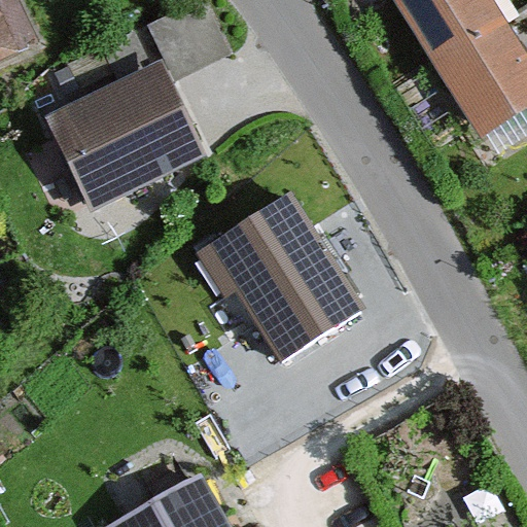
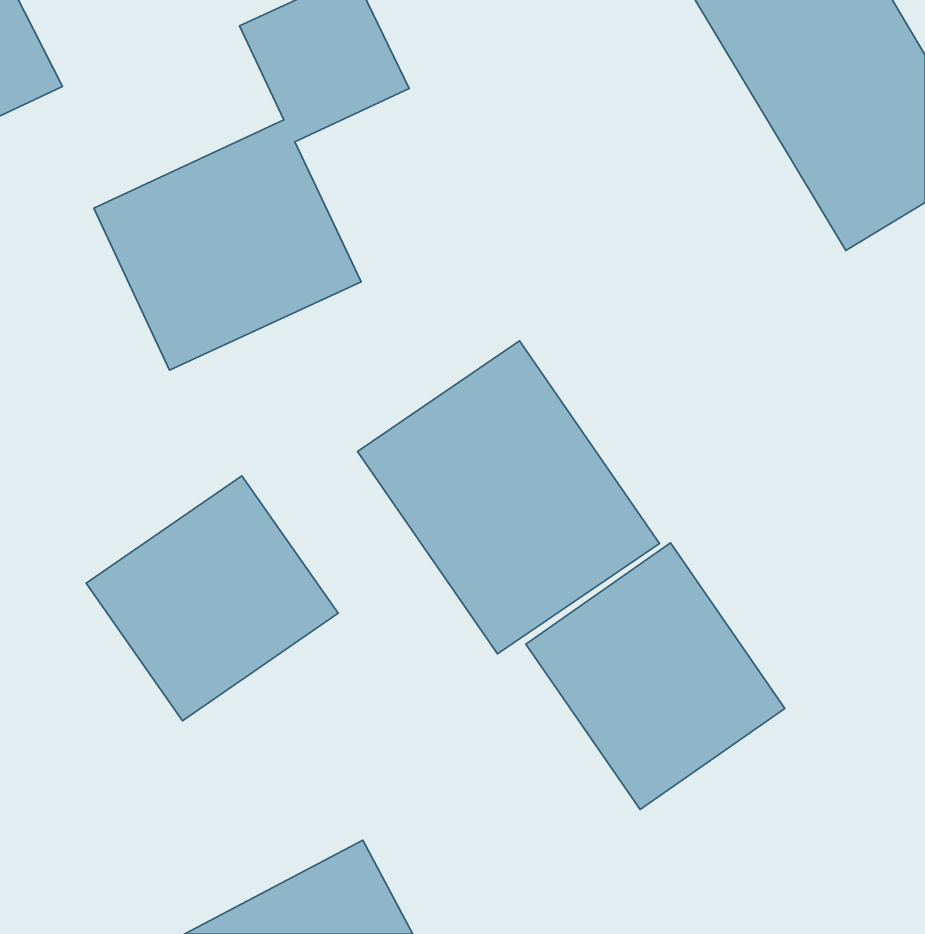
building: none -> [86,476,338,721]
building: none -> [526,543,785,810]

